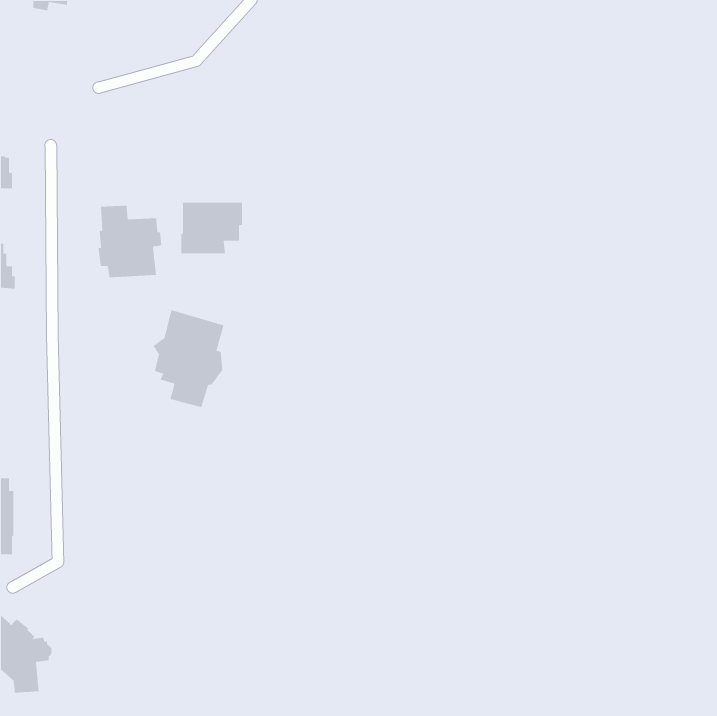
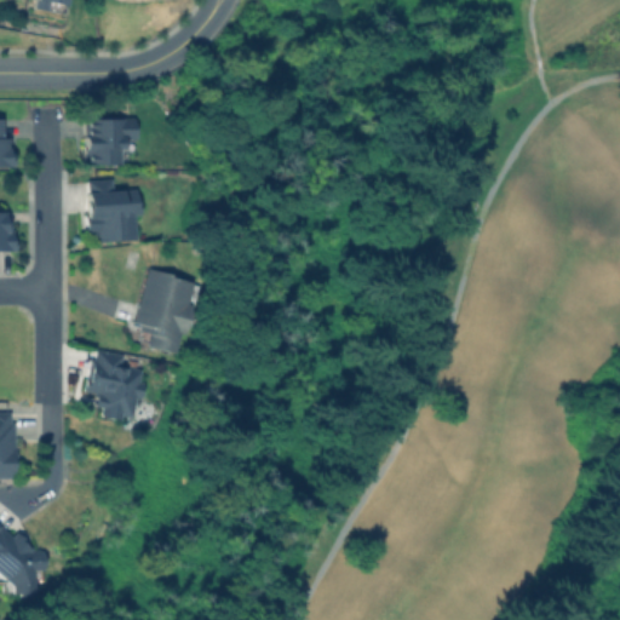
building: [181,202,243,254] -> [85,120,138,165]
building: none -> [85,351,148,423]

